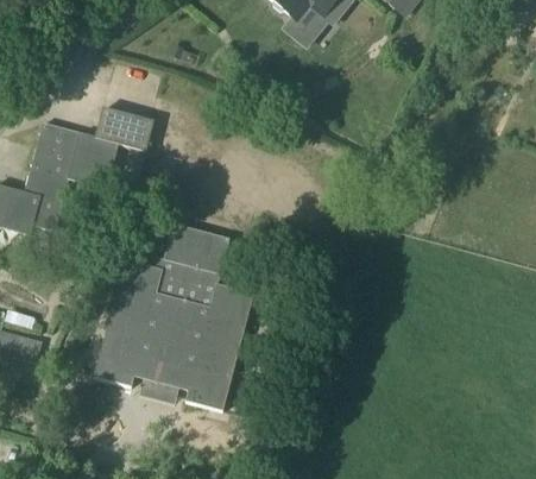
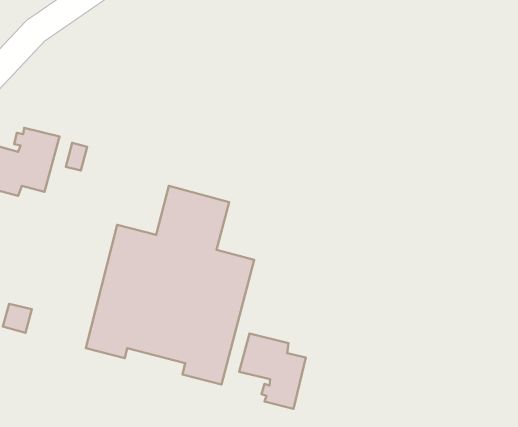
building: [32,106,155,188] -> none
building: none -> [239,334,306,409]

